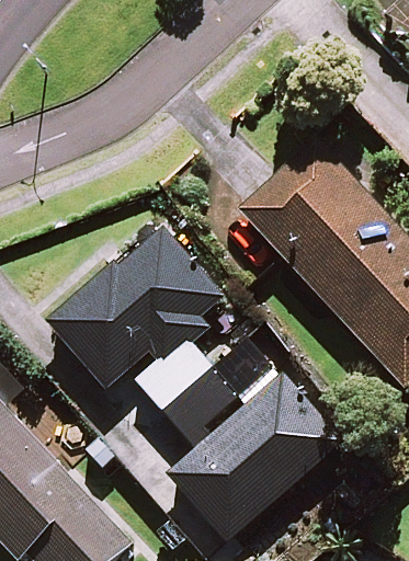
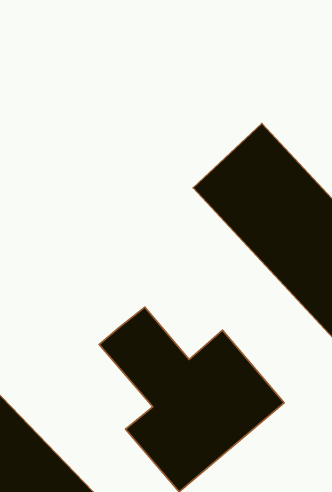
building: [47,225,219,387] -> none

